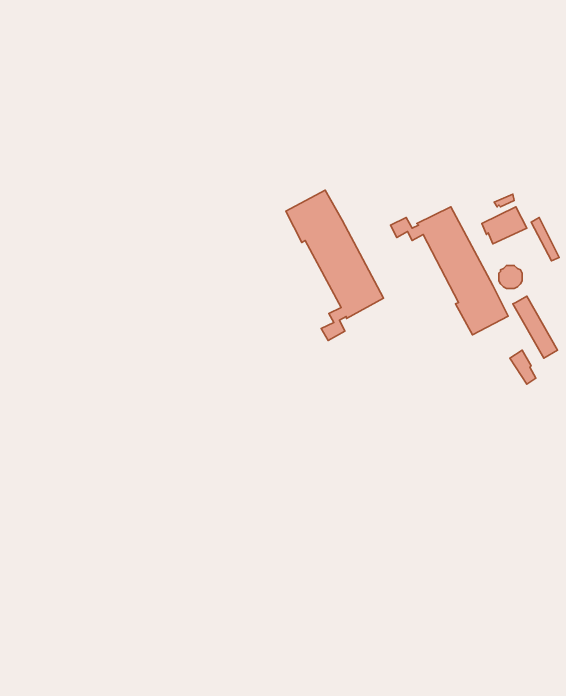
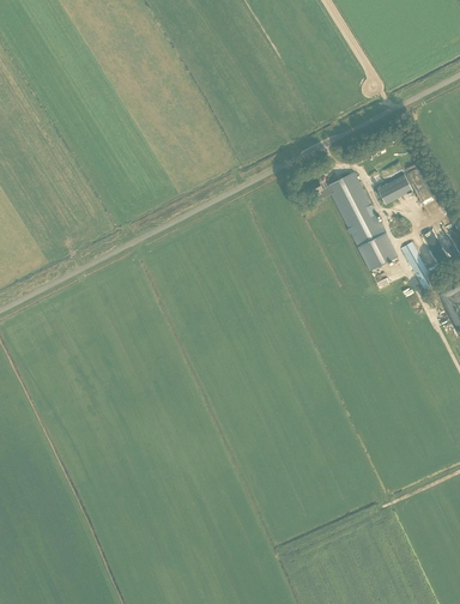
building: [286,190,383,341] -> none

